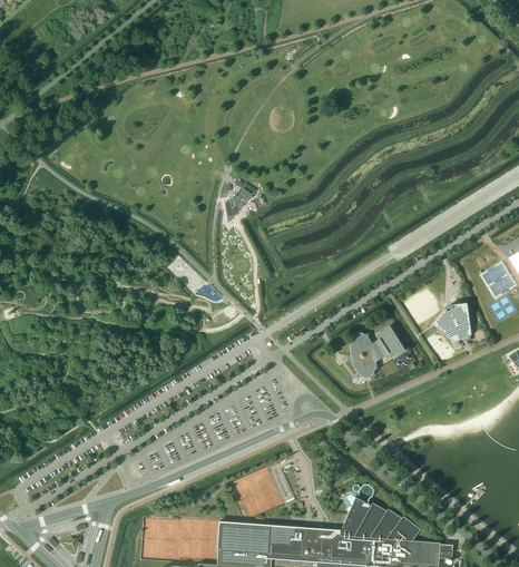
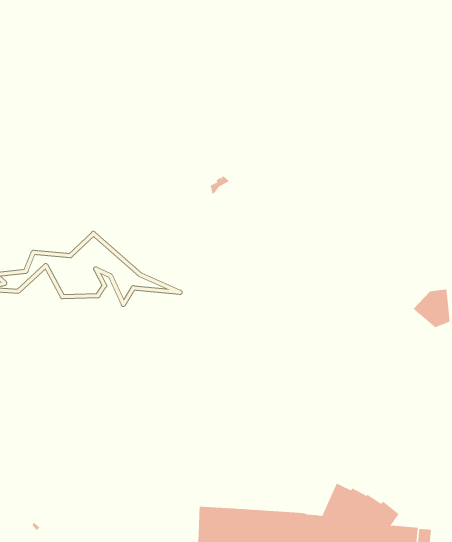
building: [349,325,408,378] -> none

